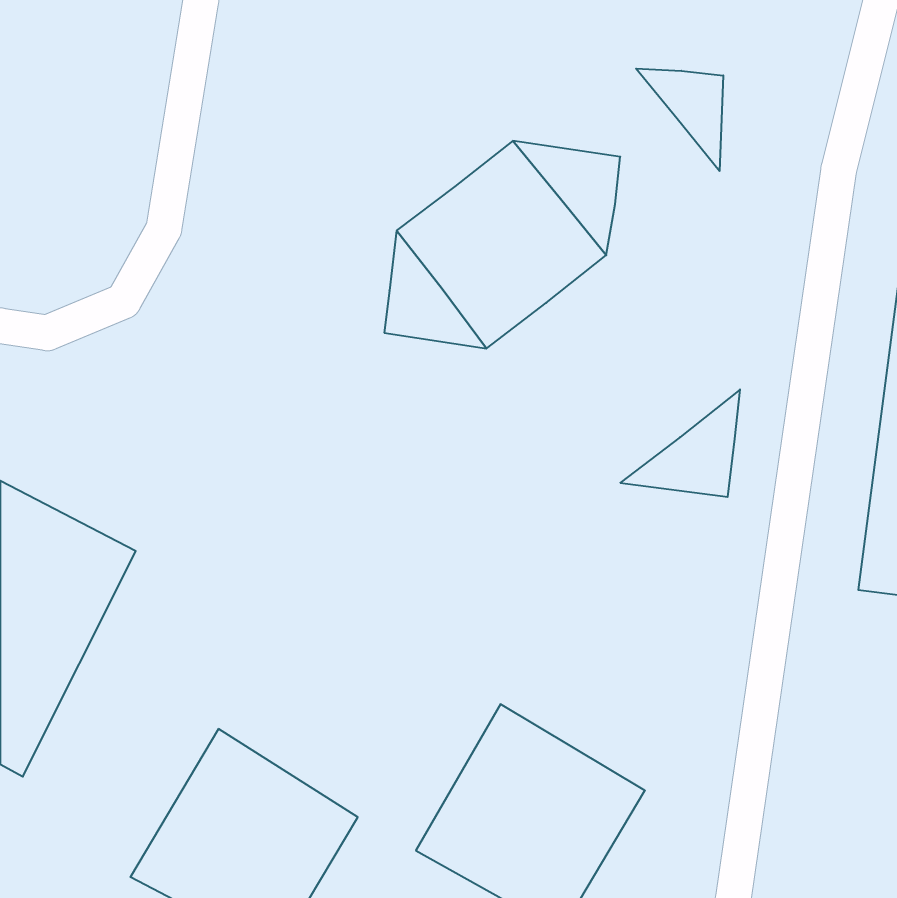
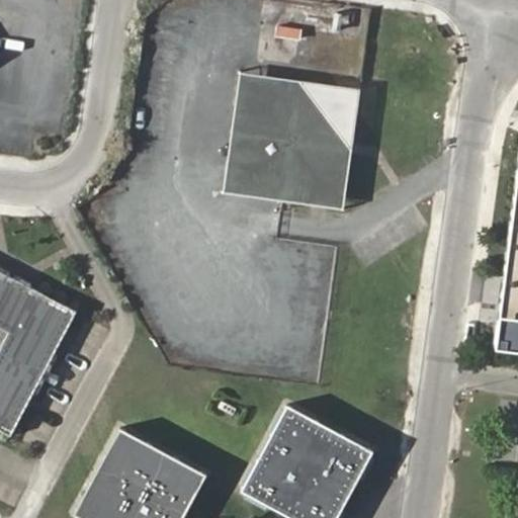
building: [636,69,723,171] -> none
building: none -> [230,75,296,134]
building: [620,389,740,497] -> [281,148,350,209]

